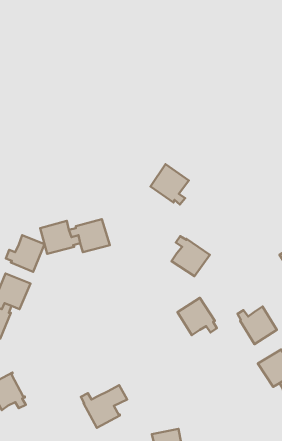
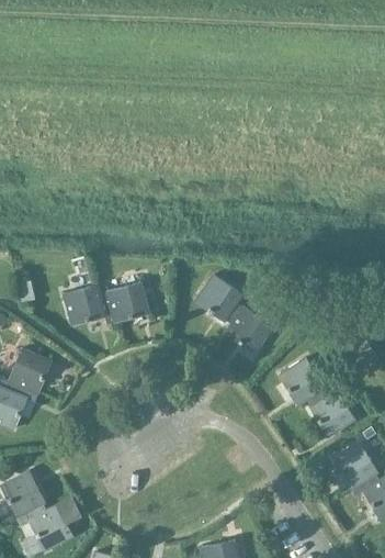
building: [150,164,189,204] -> [195,274,242,323]
building: [6,235,45,272] -> none
building: [177,298,217,335] -> [279,358,327,404]
building: [81,385,127,428] -> [24,496,81,549]

